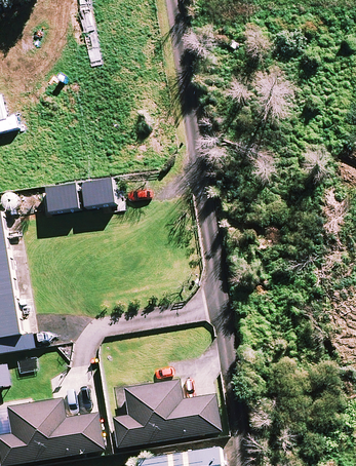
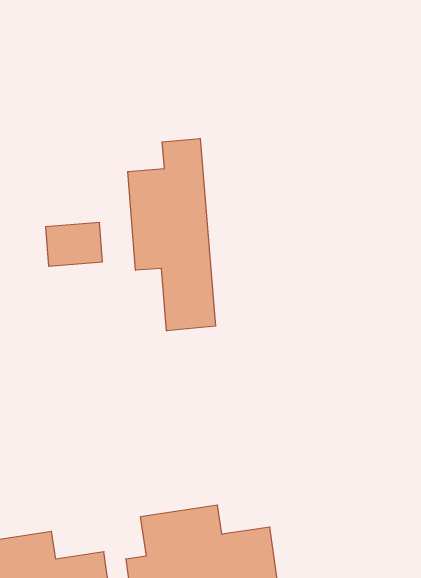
building: none -> [128,138,215,331]

